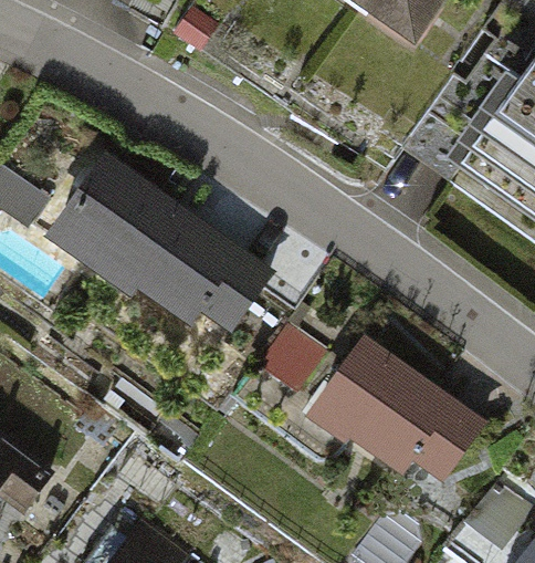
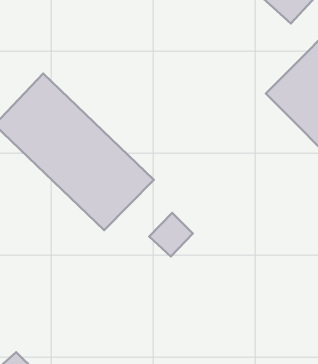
building: [314,331,491,492] -> none

